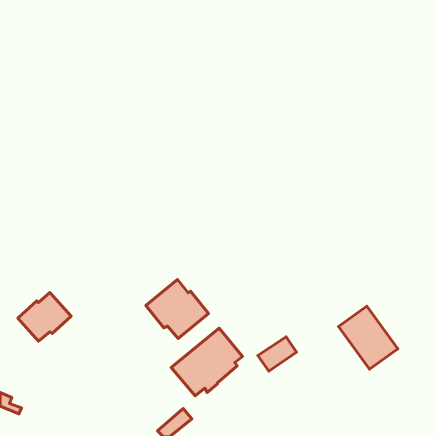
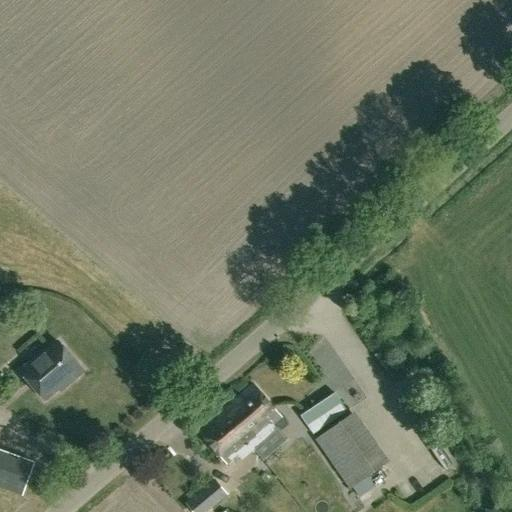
building: [146,279,209,339] -> none
building: [339,306,398,369] -> [318,417,387,491]

